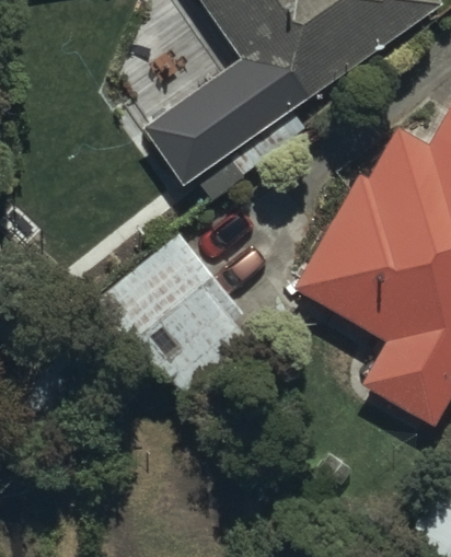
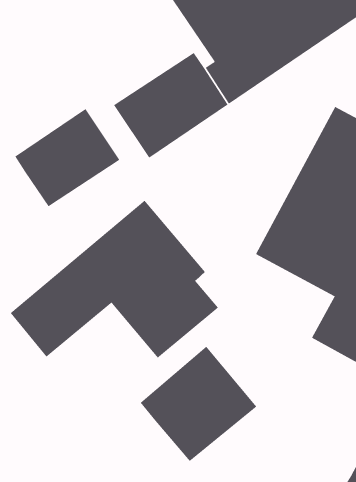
building: none -> [14,108,120,207]
building: none -> [140,346,257,462]

